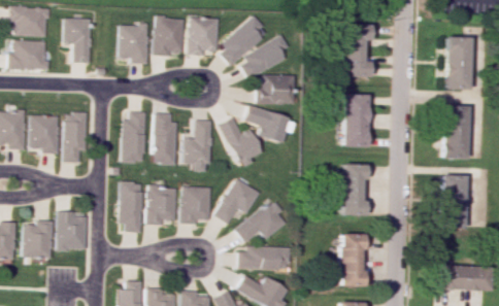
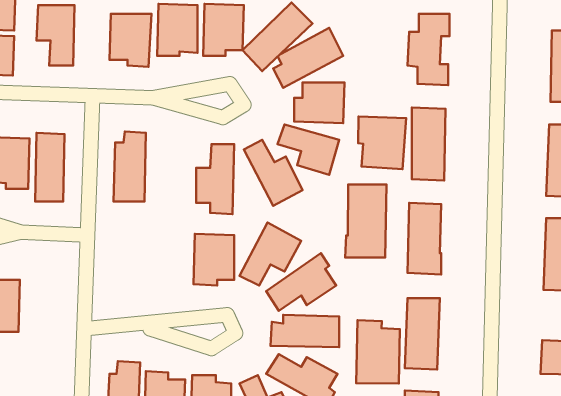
building: none -> [358,117,406,169]
building: [155,112,178,164] -> none
building: none -> [345,185,387,257]
building: [122,180,145,232] -> none
building: [148,185,179,225] -> none
building: [59,210,90,249] -> none
building: none -> [356,320,400,384]

